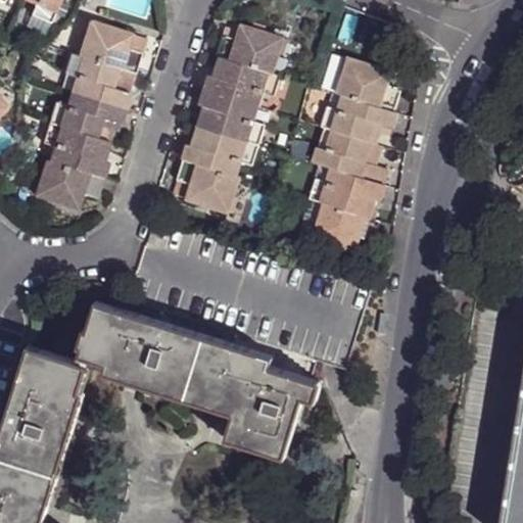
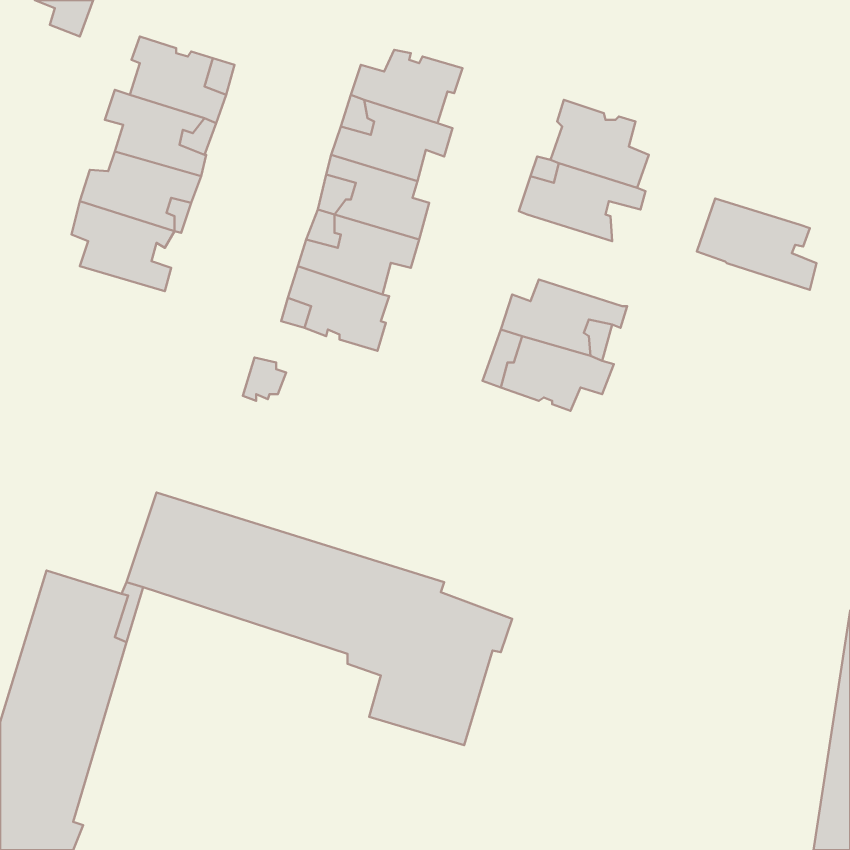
building: [313,132,386,188] -> [697,198,817,290]
building: [33,162,101,208] -> none

